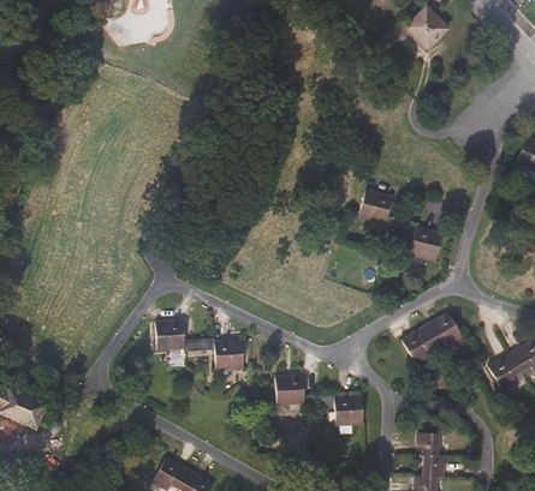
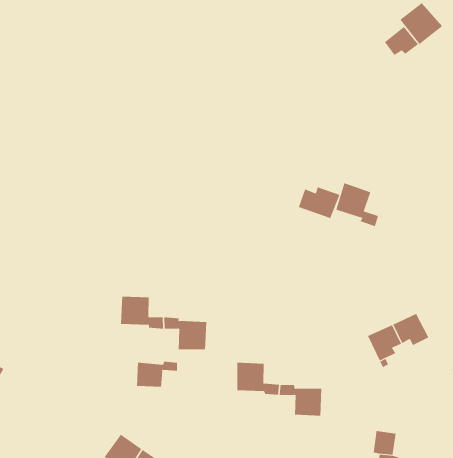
building: none -> [384,26,419,56]
building: none -> [298,186,340,219]
building: [399,220,441,259] -> none
building: none -> [137,361,178,388]

